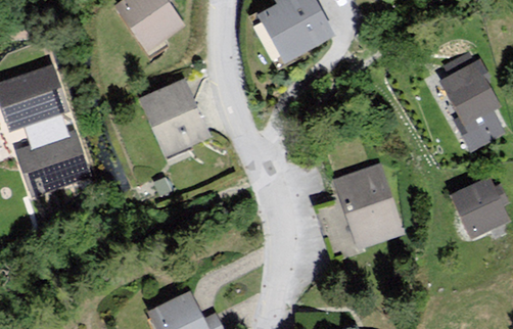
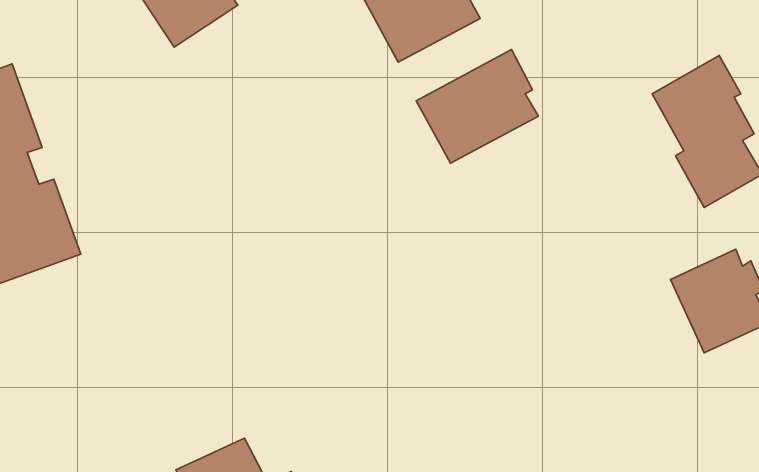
building: none -> [416,50,539,163]
building: [139,86,208,165] -> none
building: [335,165,404,249] -> none

